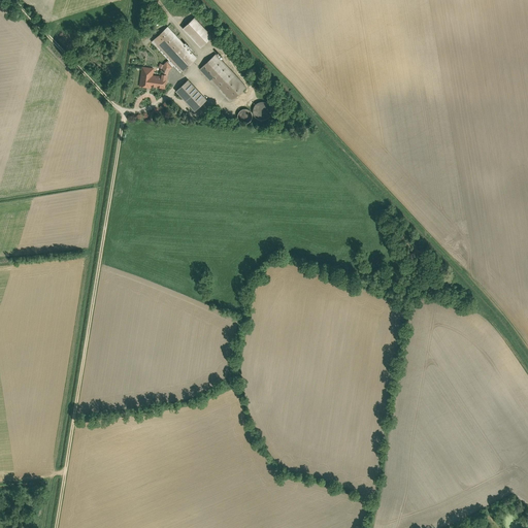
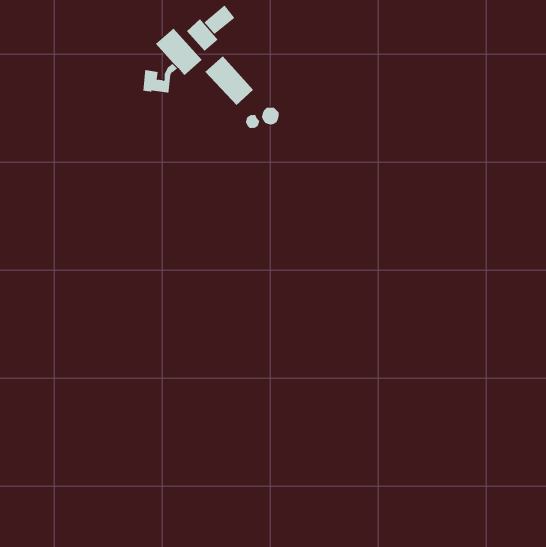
building: none -> [204,4,235,35]
building: [174,79,206,112] -> none

